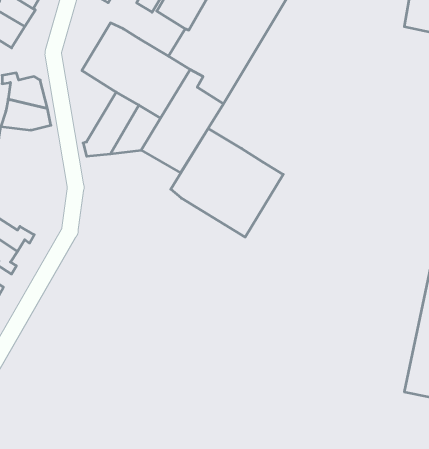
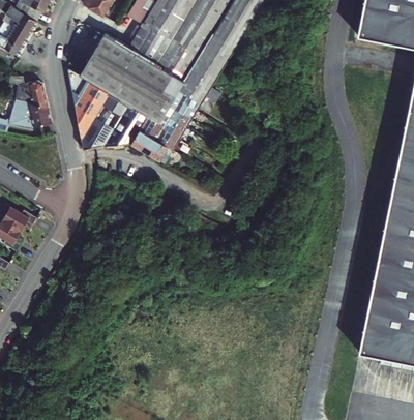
building: none -> [128,22,169,61]
building: none -> [68,67,109,137]
building: [171,129,283,237] -> none

